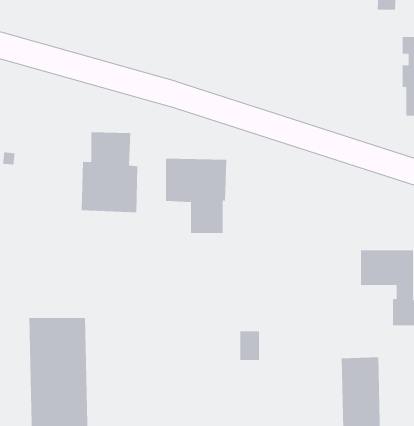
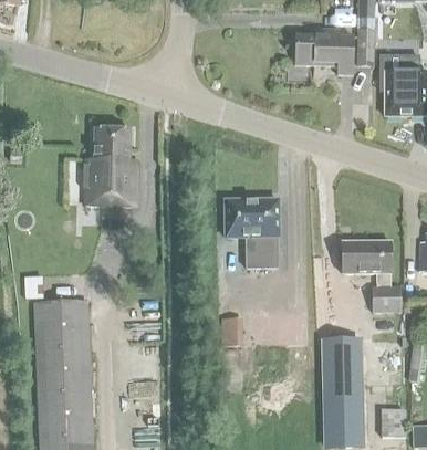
building: none -> [293,28,352,73]
building: none -> [356,29,375,65]
building: [165,158,227,233] -> [223,197,281,266]

